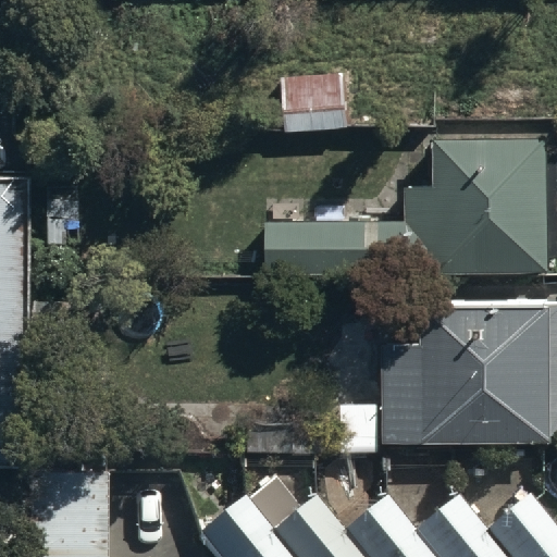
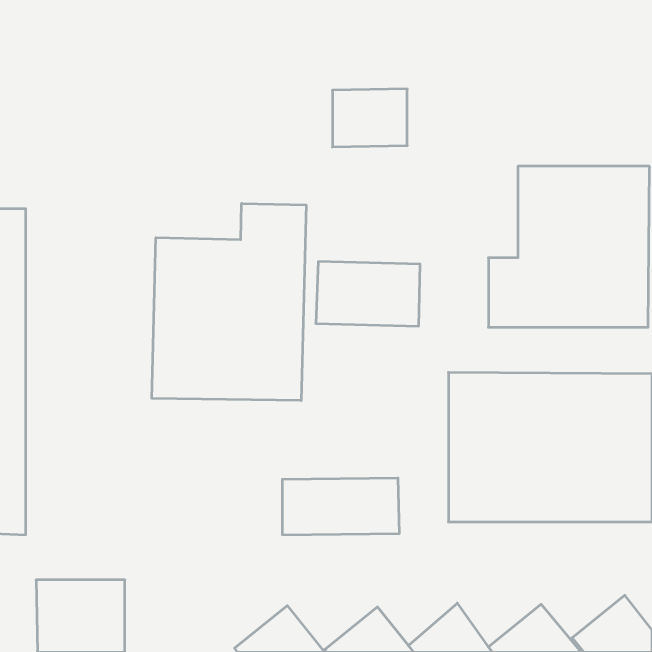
building: none -> [152,203,306,401]

